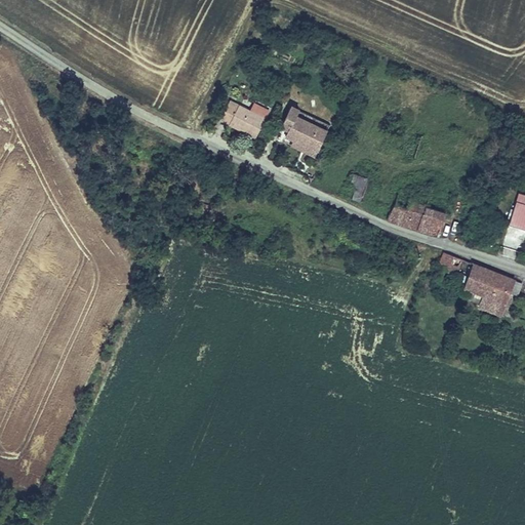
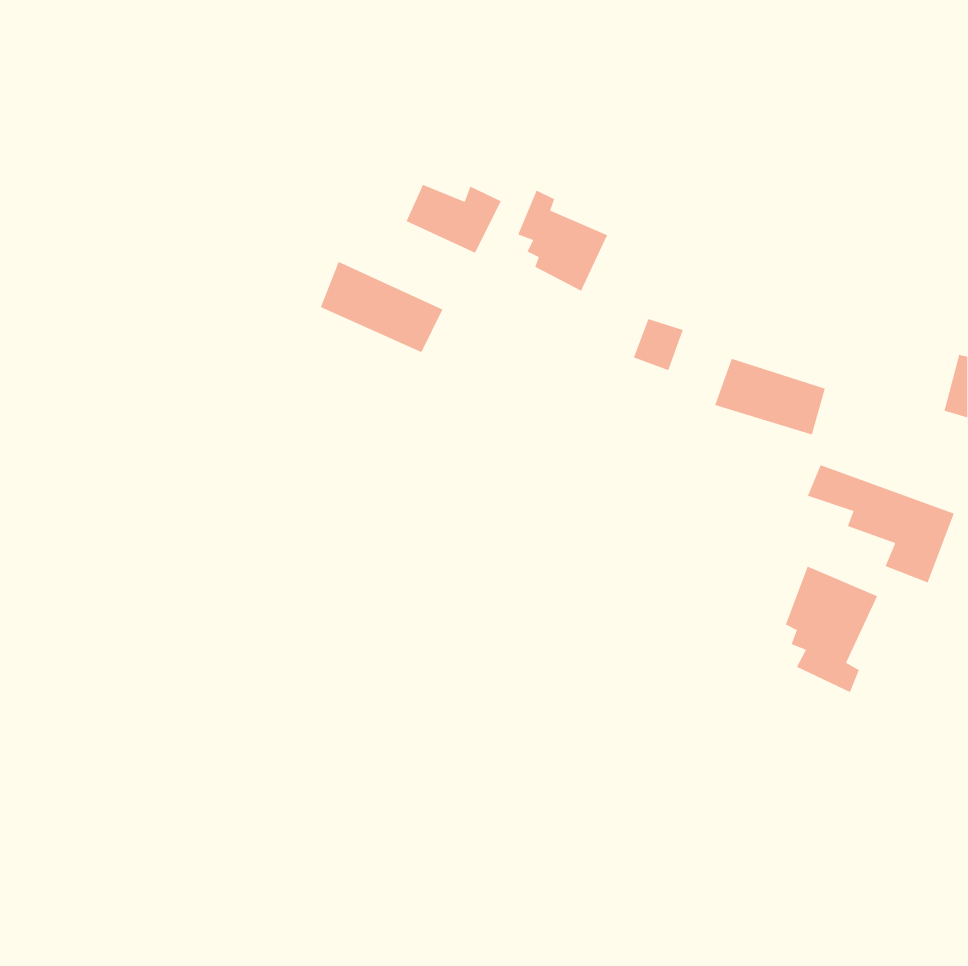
building: none -> [320,261,444,353]
building: none -> [785,566,878,693]

